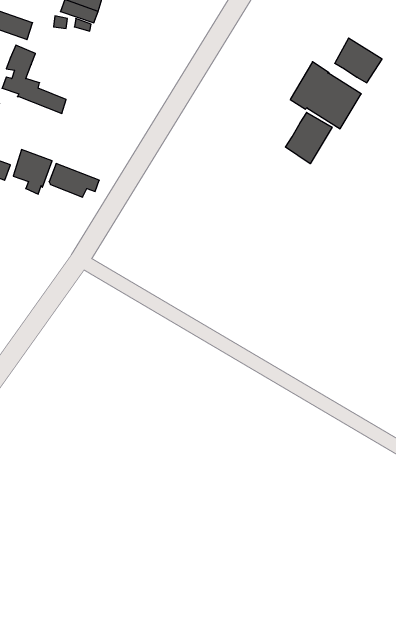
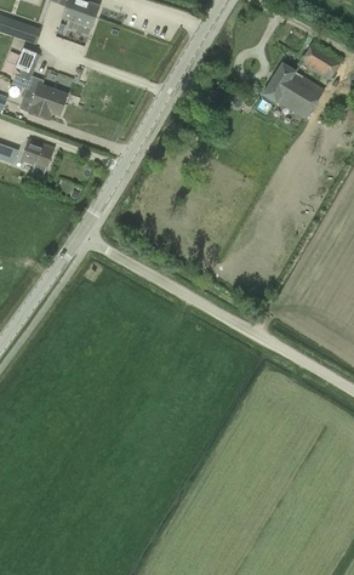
building: [285,112,332,164] -> none
building: [49,164,99,197] -> [18,91,62,120]

